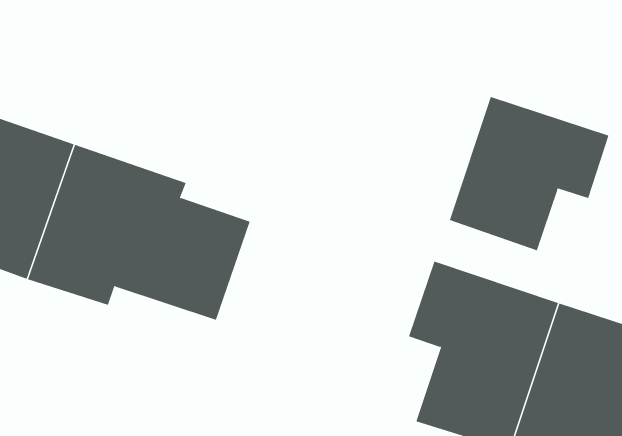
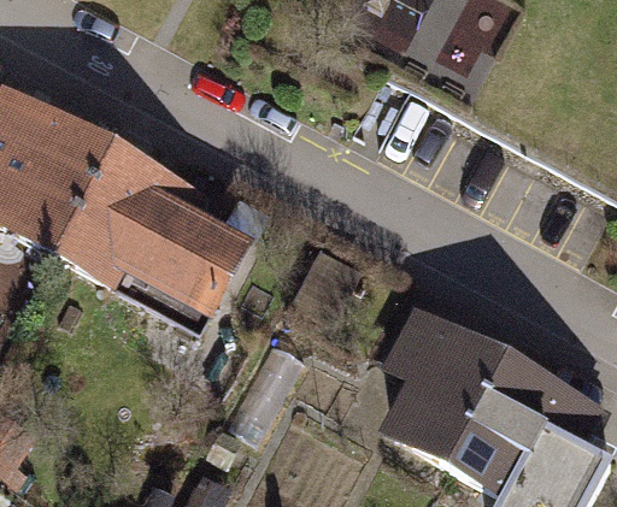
building: [449,96,609,251] -> none

